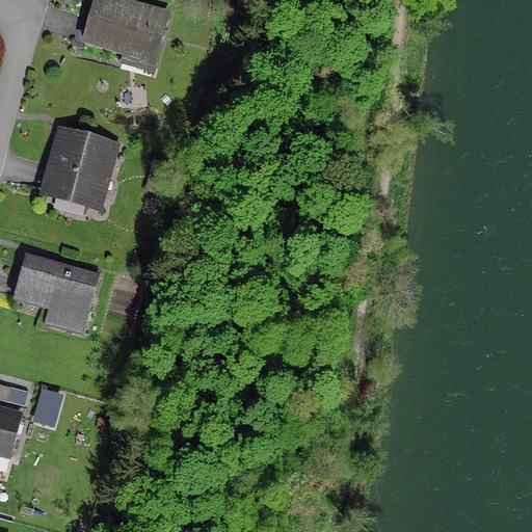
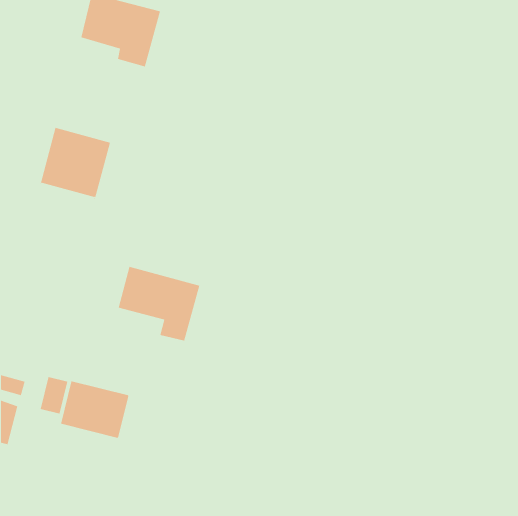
building: [14,254,98,330] -> [118,266,200,341]
building: none -> [60,380,131,439]

